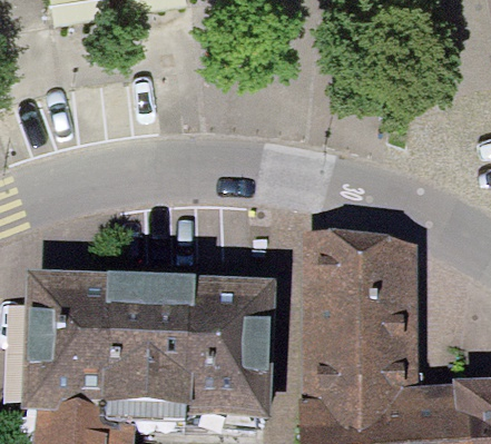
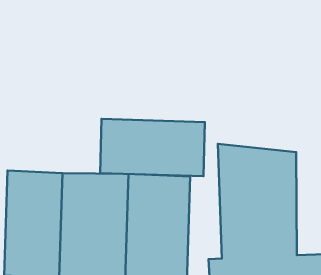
building: none -> [100,119,205,176]

